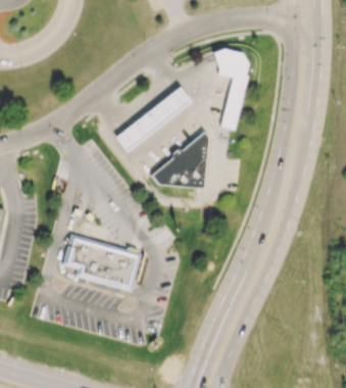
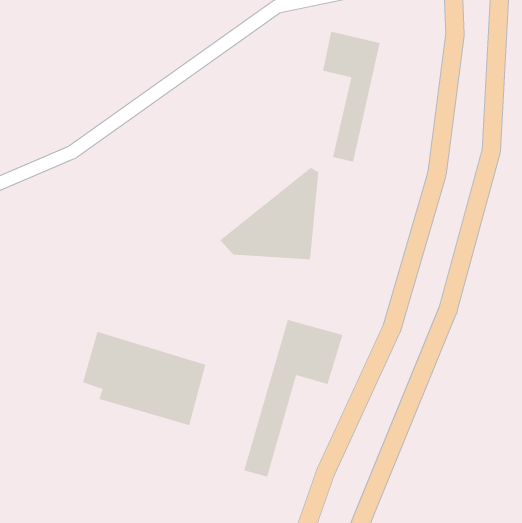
building: [116,87,192,151] -> none
building: none -> [244,319,343,477]

